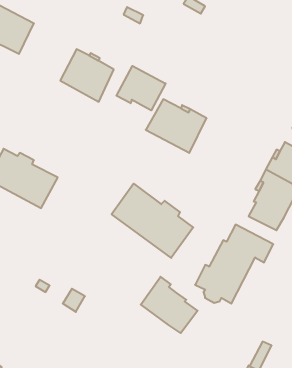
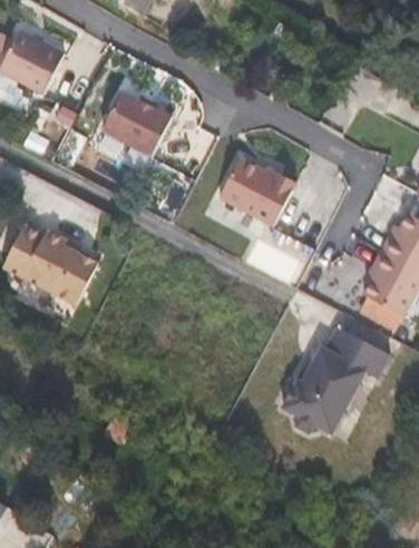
building: [116,66,166,110] -> none
building: [112,184,193,258] -> none
building: [141,277,198,333] -> none

